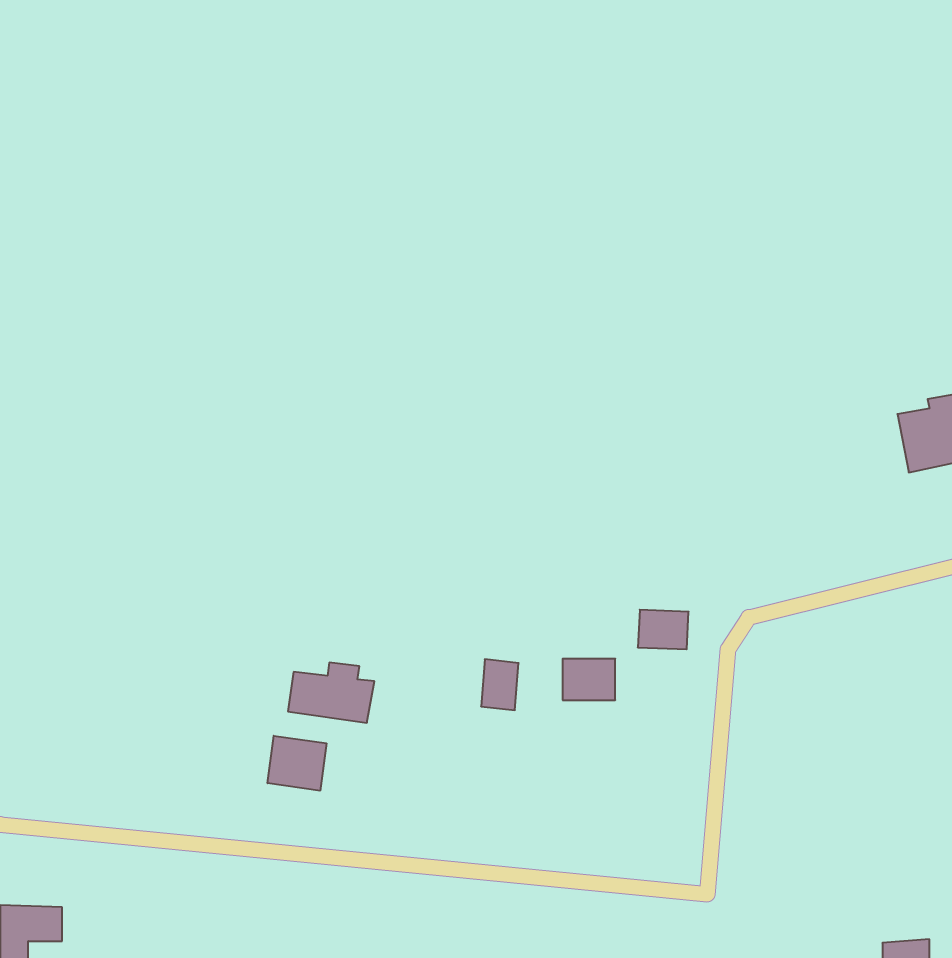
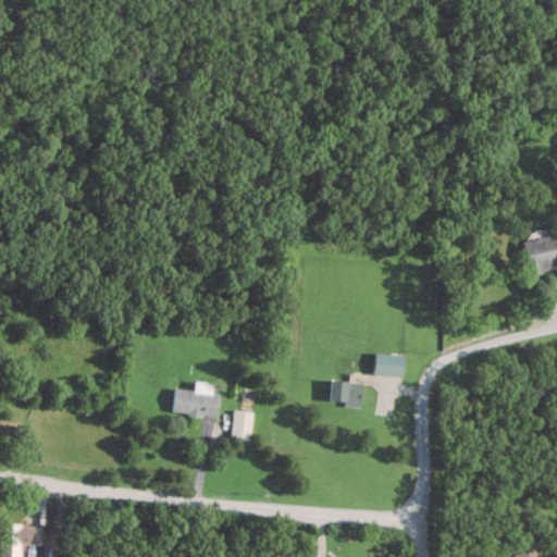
building: [481,659,519,710] -> [233,412,255,442]
building: [268,736,326,791] -> none

